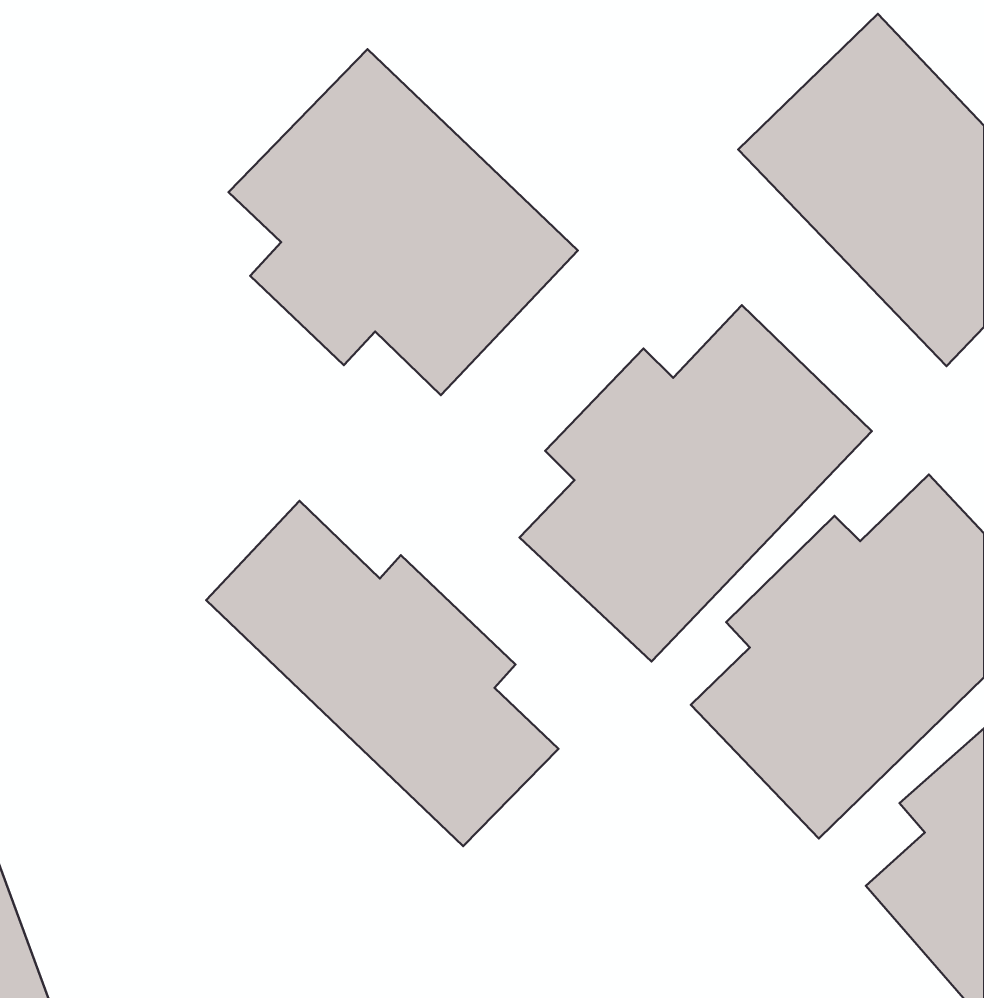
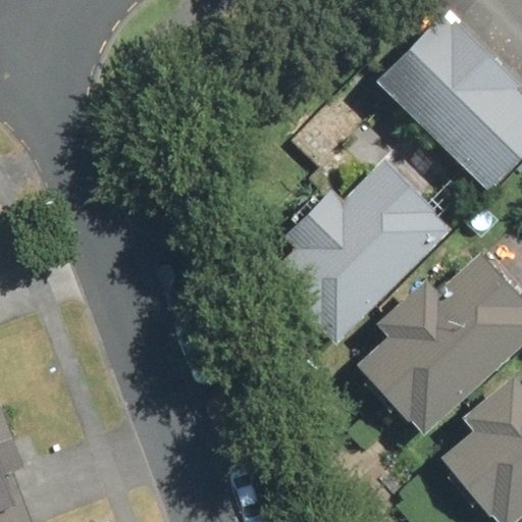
building: [229,49,578,395] -> none
building: [206,501,559,846] -> none

